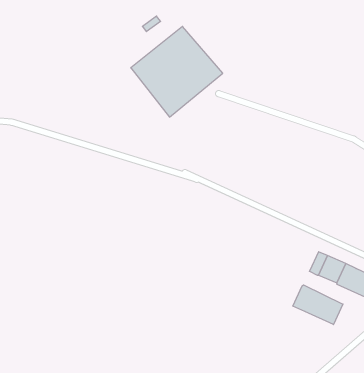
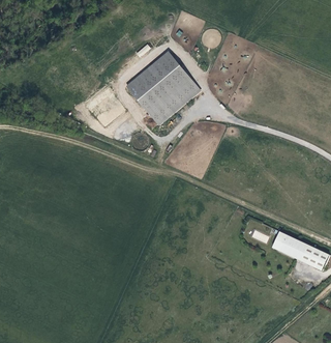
building: [293,285,343,325] -> none

